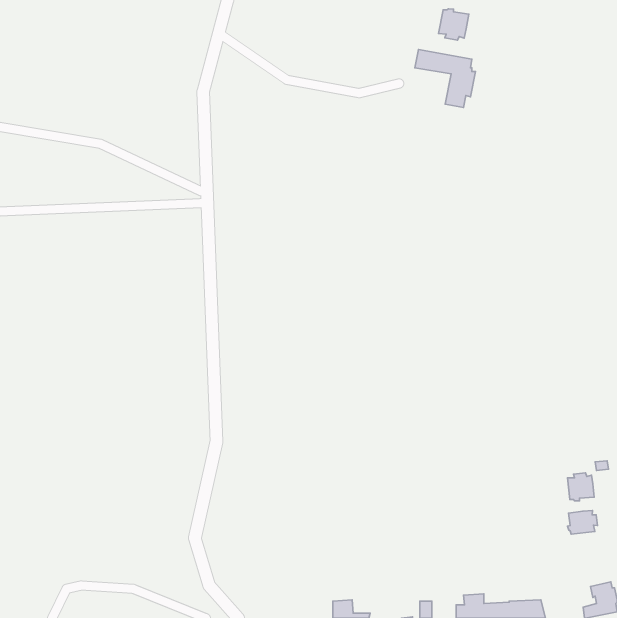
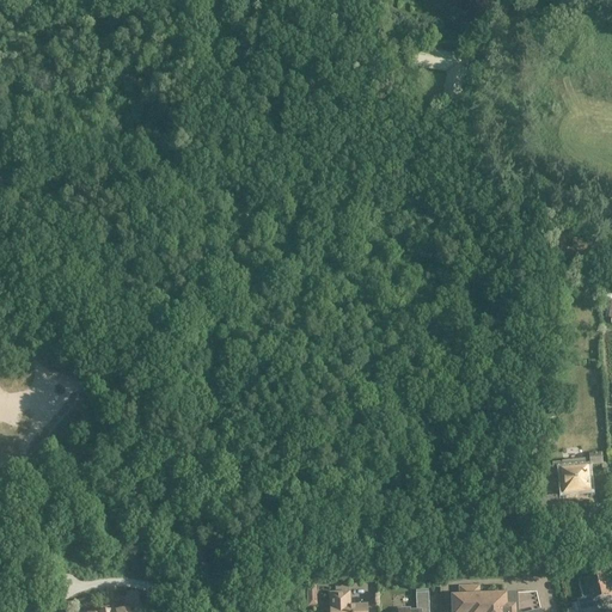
building: [439,9,469,40] -> none
building: [568,510,598,534] -> none

